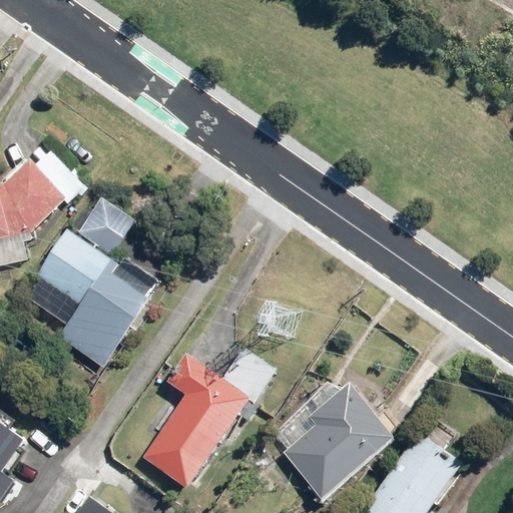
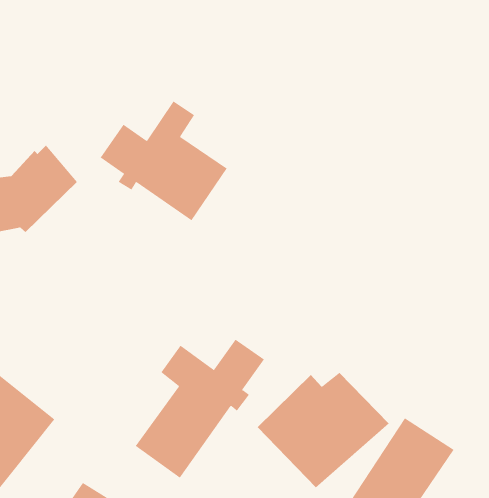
building: none -> [100,100,228,221]
building: [19,187,158,372] -> none

